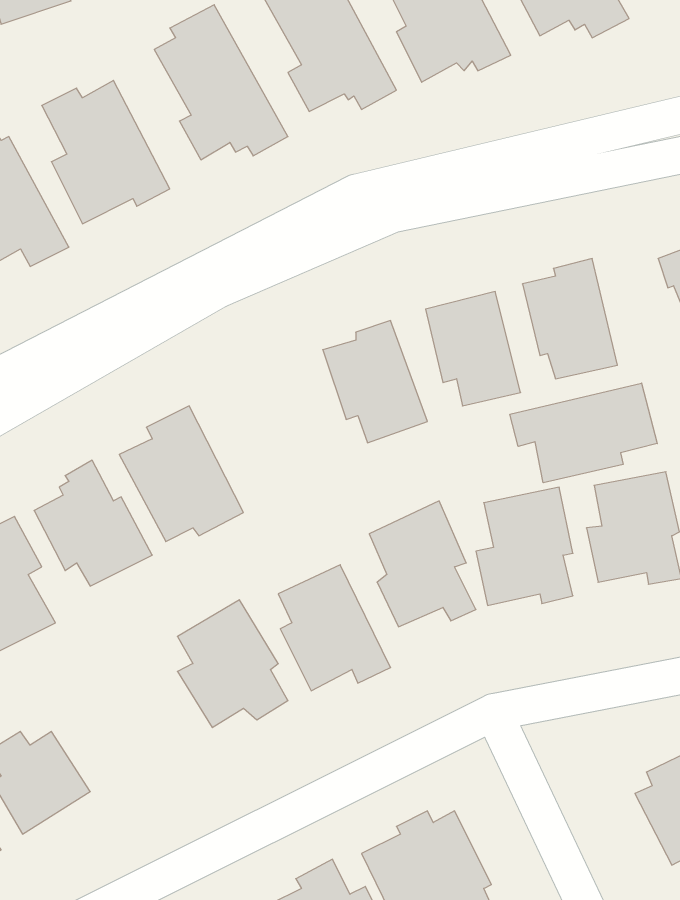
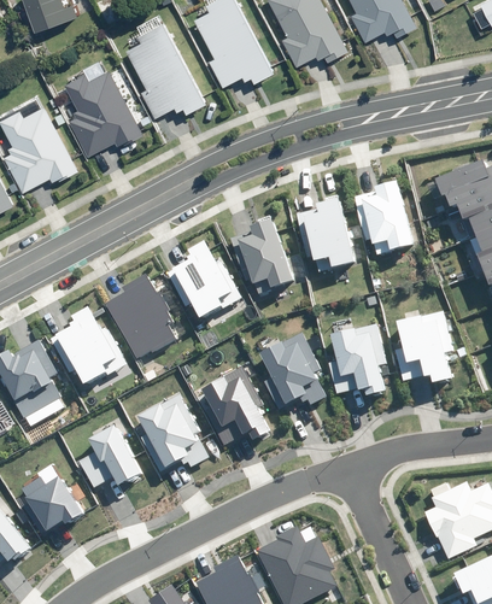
building: none -> [168,239,241,321]
building: [510,383,657,483] -> none
building: none -> [78,421,142,486]

